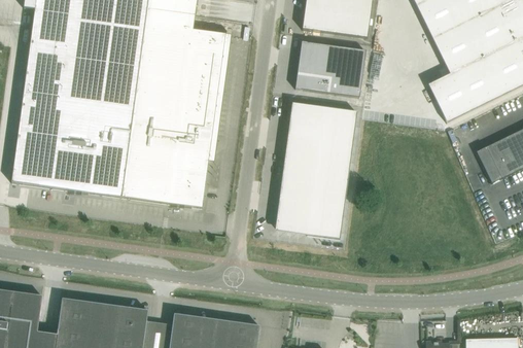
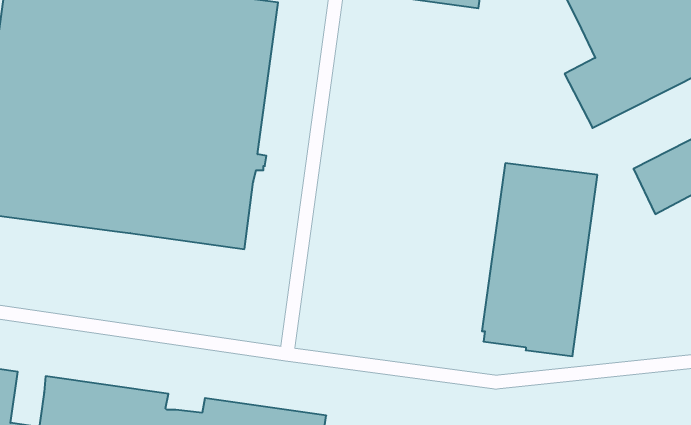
building: [295,42,365,97] -> none
building: [276,102,357,238] -> [482,163,597,356]

